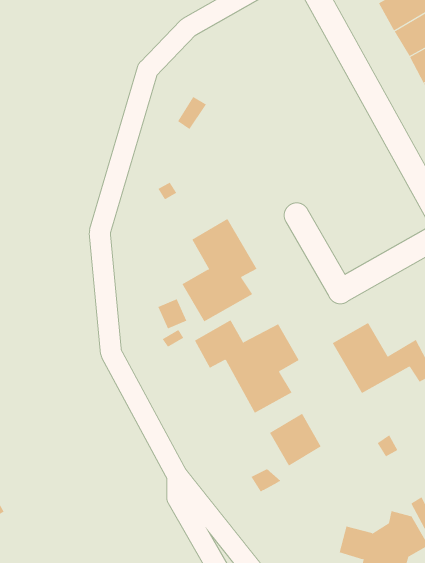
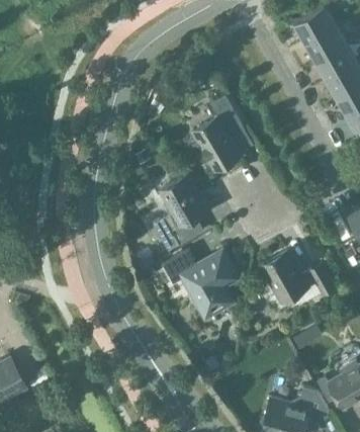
building: none -> [192,98,245,174]
building: [269,413,322,466] -> none

